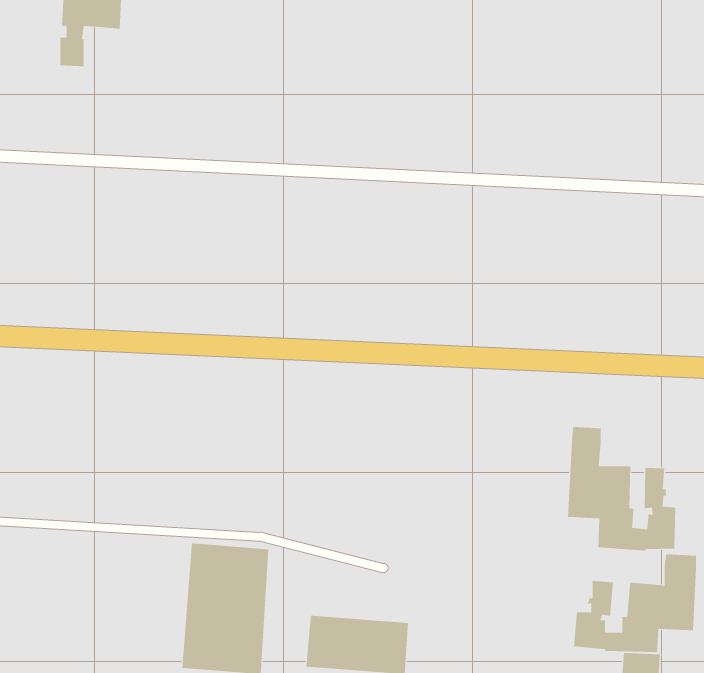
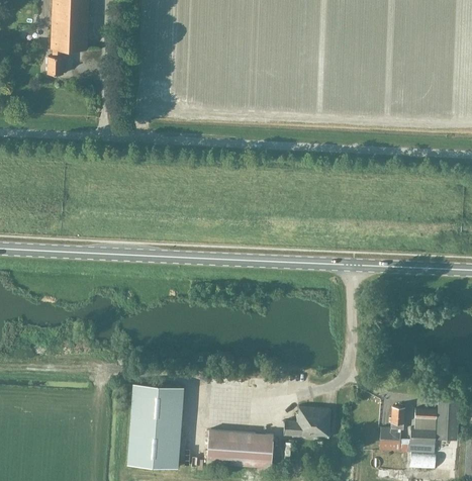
building: [568,426,676,552] -> none
building: none -> [281,407,331,458]

